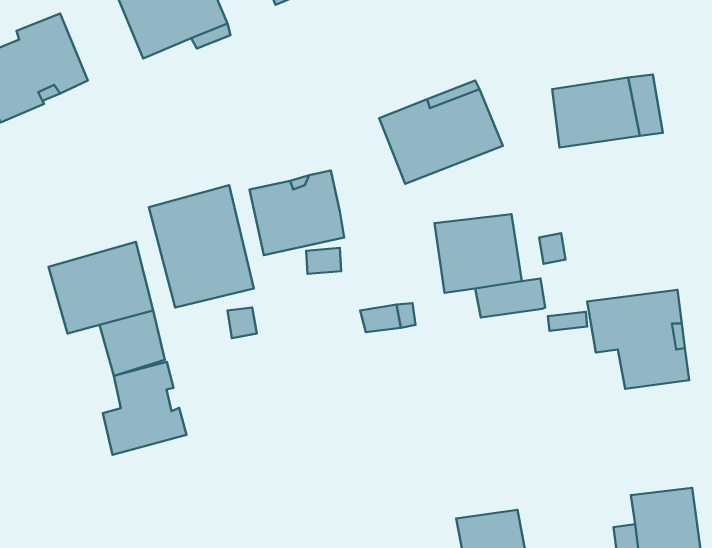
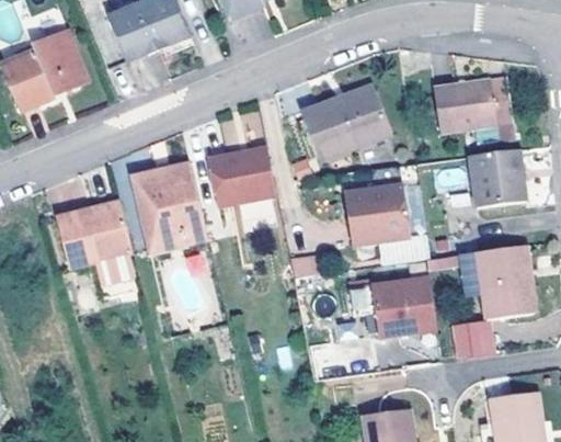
building: none -> [467,148,525,203]
building: none -> [347,271,436,331]
building: [103,362,187,455] -> none
building: none -> [453,319,497,360]

